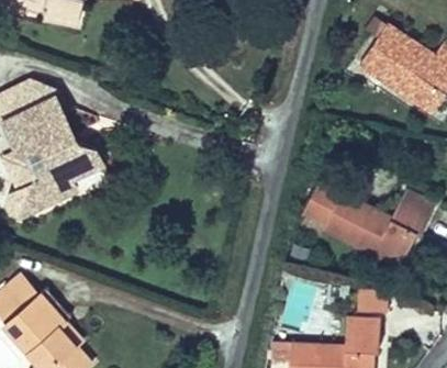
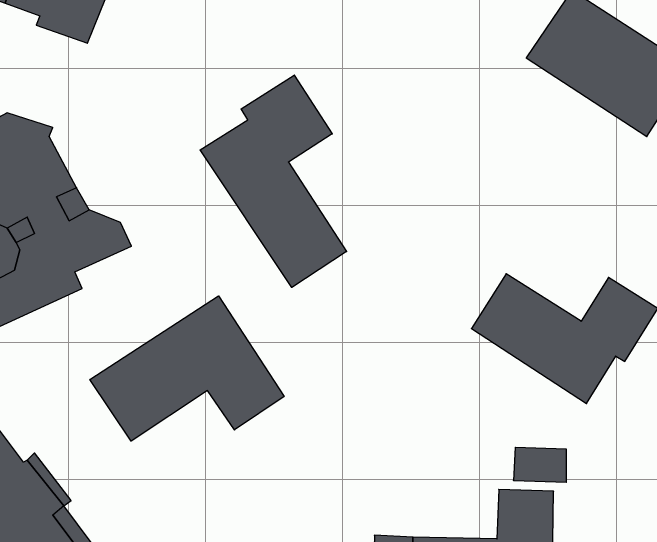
building: none -> [200,75,347,287]
building: none -> [90,296,284,441]

